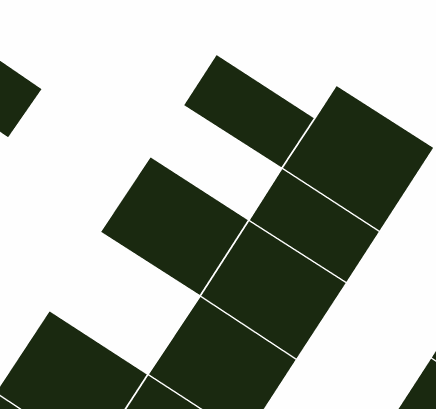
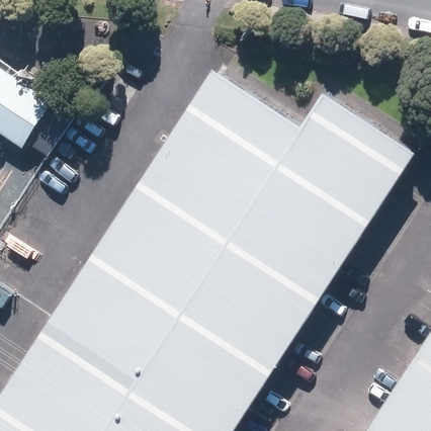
building: none -> [150,114,275,224]
building: none -> [54,235,197,370]

